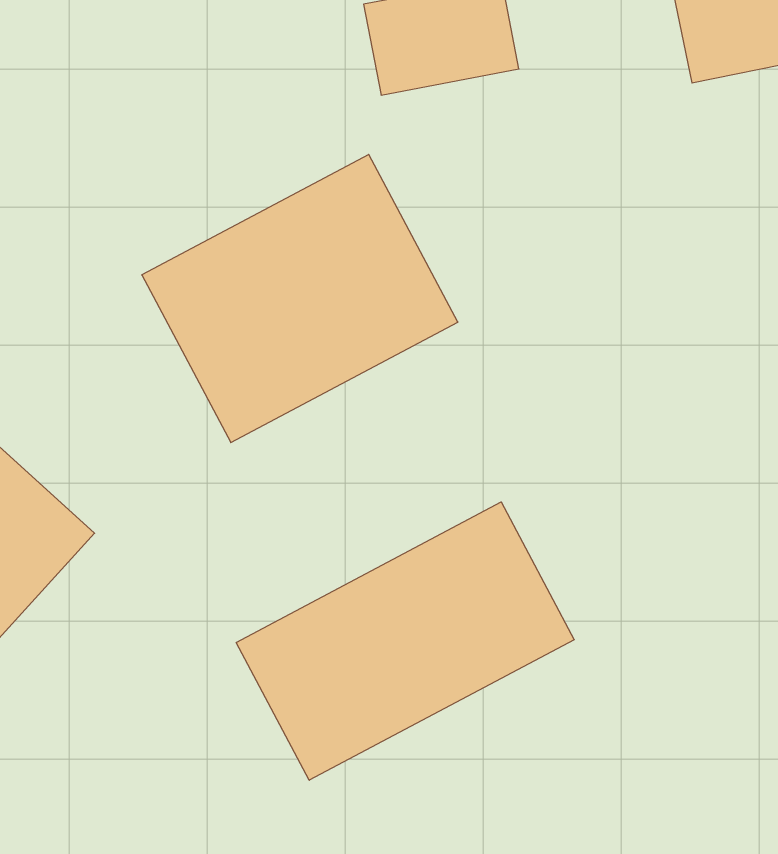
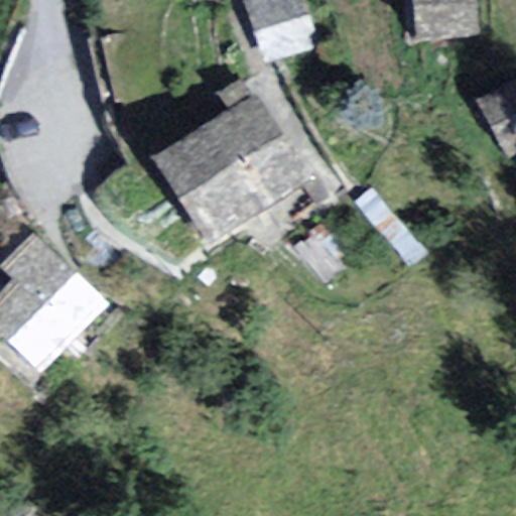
building: [236,502,574,780] -> none

